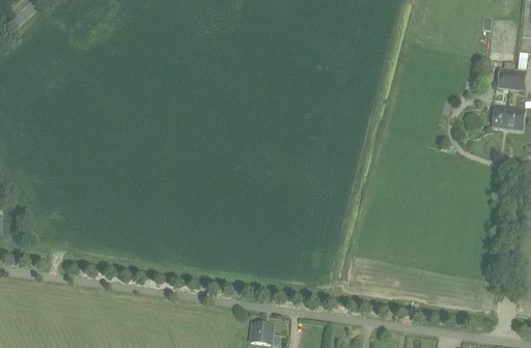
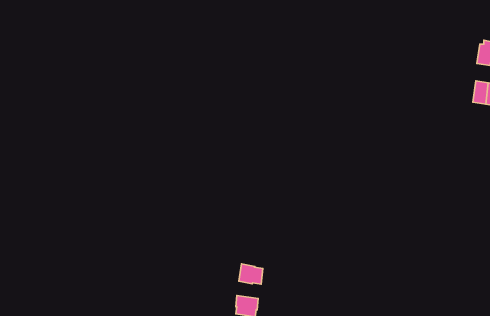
building: none -> [239,264,263,284]

